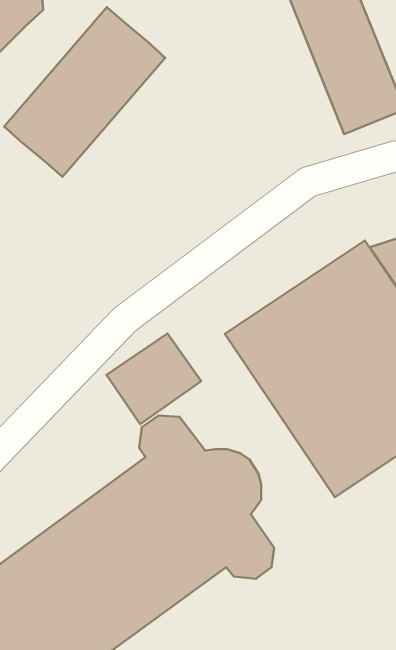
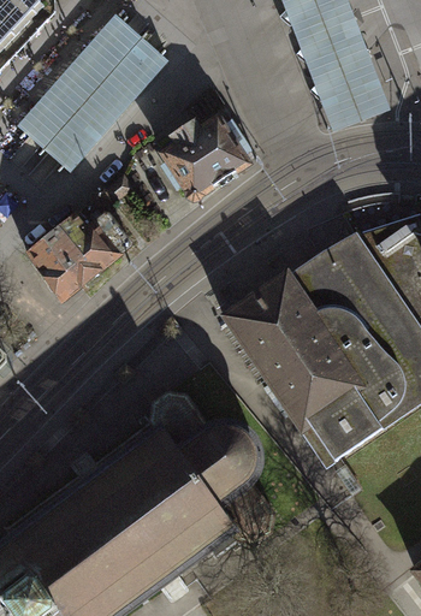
building: none -> [161,116,250,199]
building: [106,333,201,424] -> [29,214,117,298]

